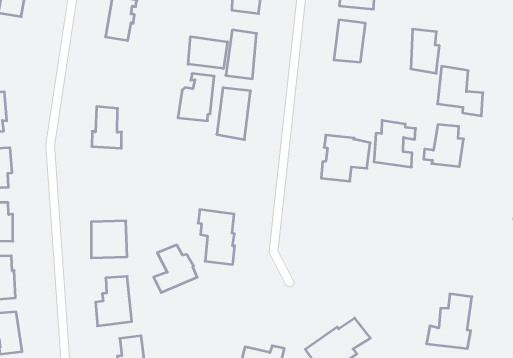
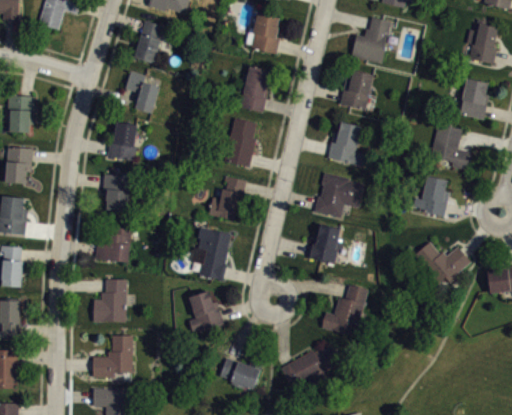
building: [411,29,439,73] -> [460,78,489,121]
building: [188,37,227,69] -> none
building: none -> [125,71,159,114]
building: [178,74,214,121] -> [208,176,246,221]
building: [374,120,416,167] -> [328,121,370,167]
building: none -> [102,168,134,213]
building: none -> [309,224,343,264]
building: none -> [416,242,471,283]
building: [154,245,197,293] -> [183,292,223,334]
building: [426,294,472,349] -> [321,285,368,337]

